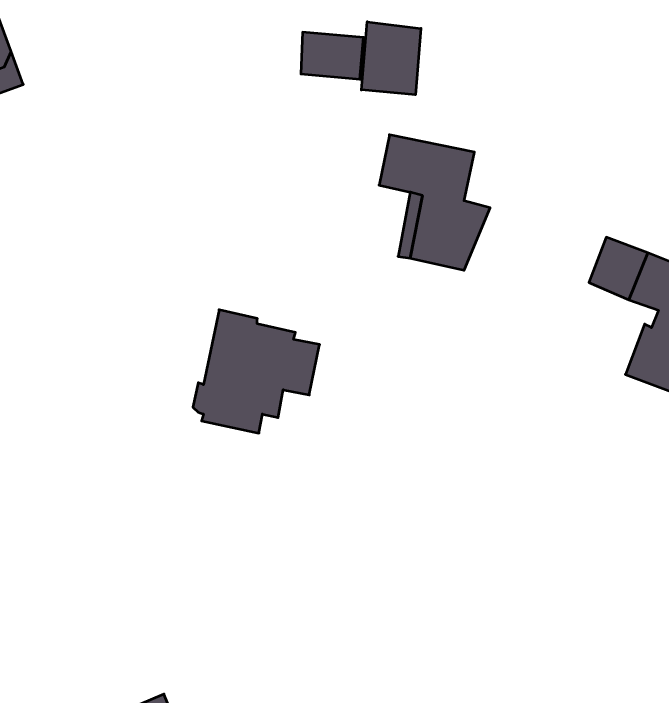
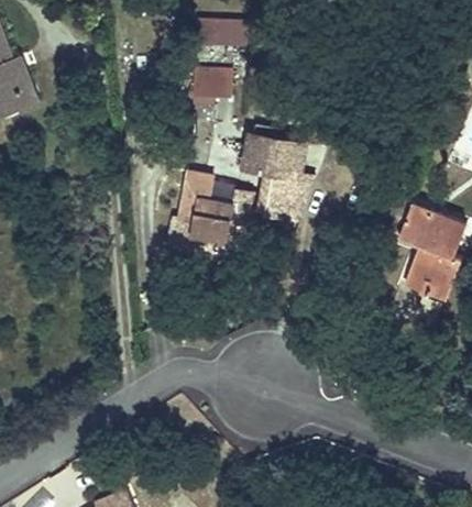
building: [361,22,421,95] -> none
building: [193,310,320,433] -> [172,169,252,247]

